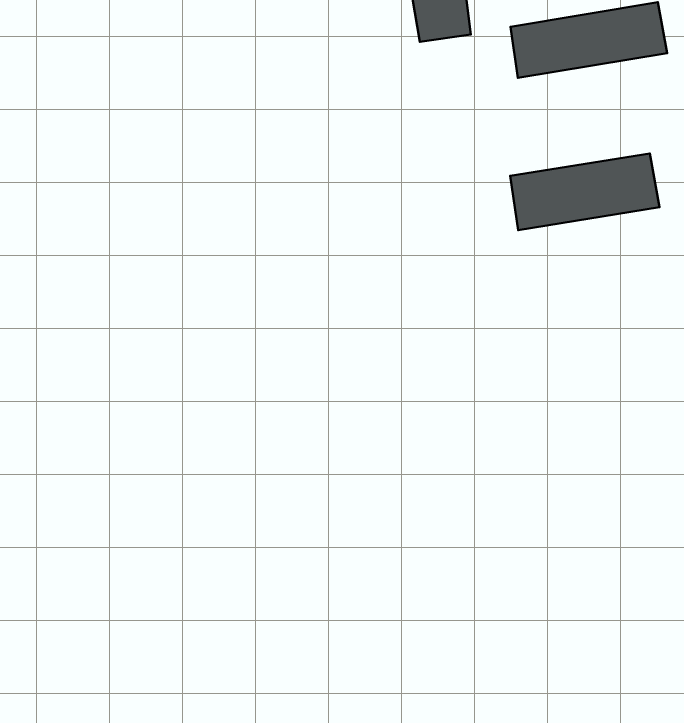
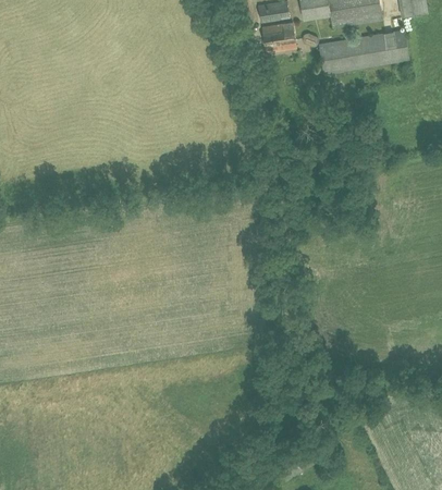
building: [510,153,660,230] -> none

